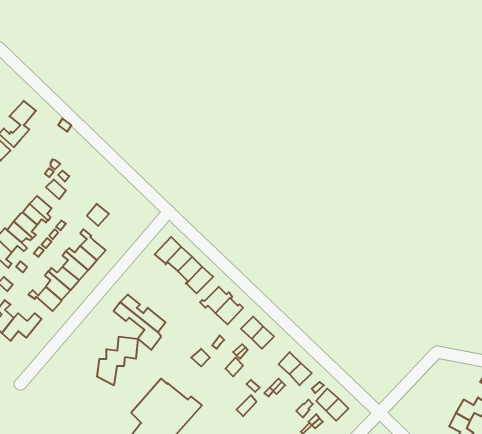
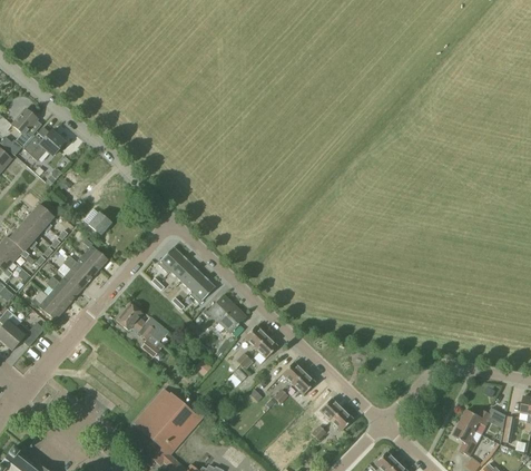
building: none -> [23,129,65,161]
building: [97,337,138,385] -> none

